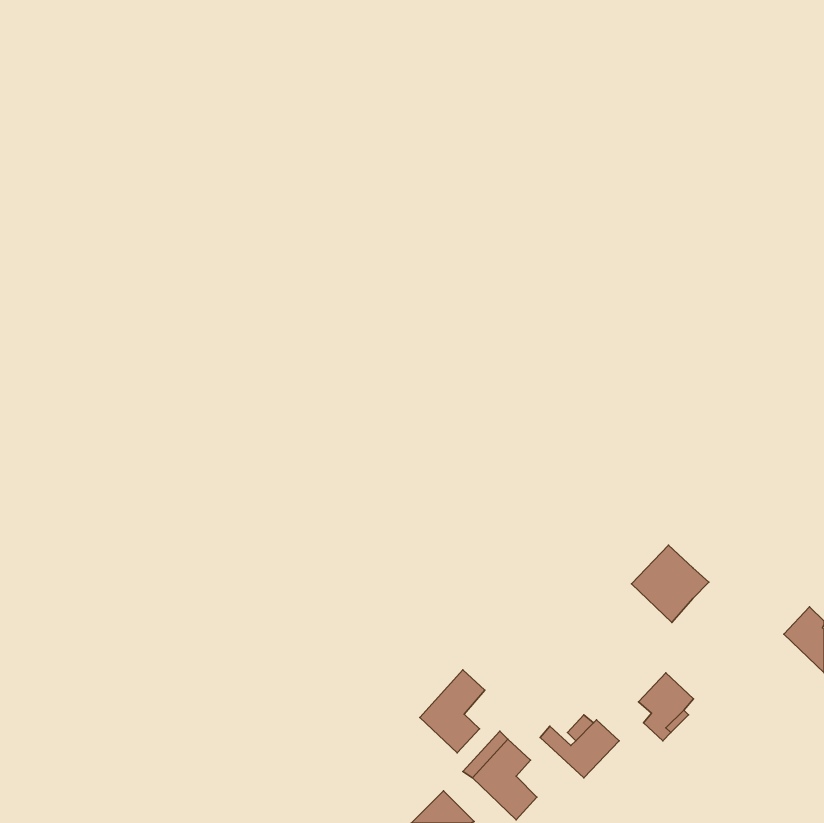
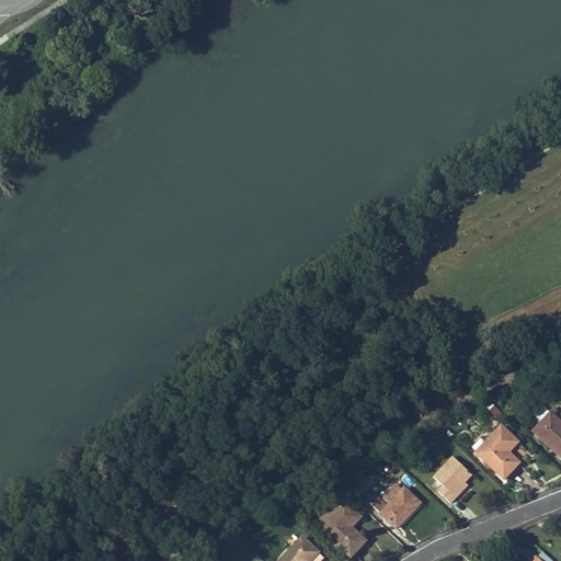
building: [631,545,709,623] -> [477,426,529,479]
building: [420,670,485,753] -> none

